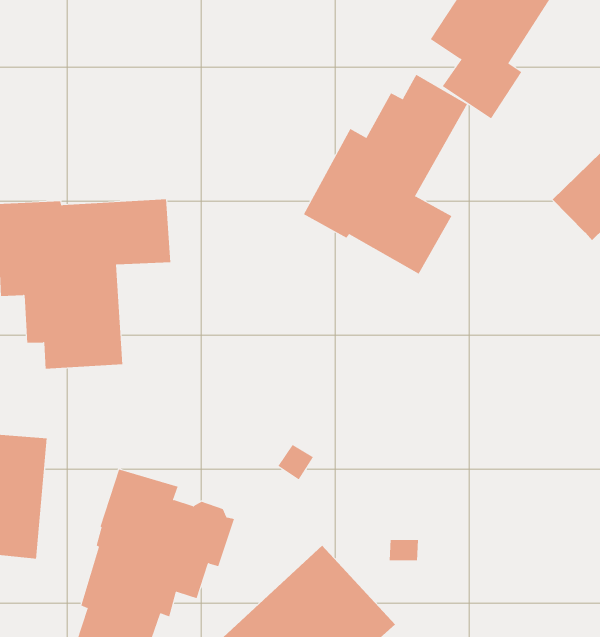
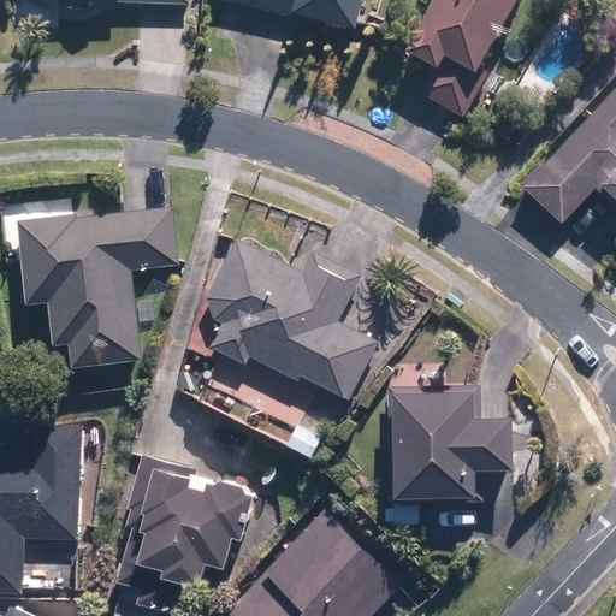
building: [303,74,468,275] -> none
building: none -> [205,238,378,405]
building: none -> [389,385,511,502]

